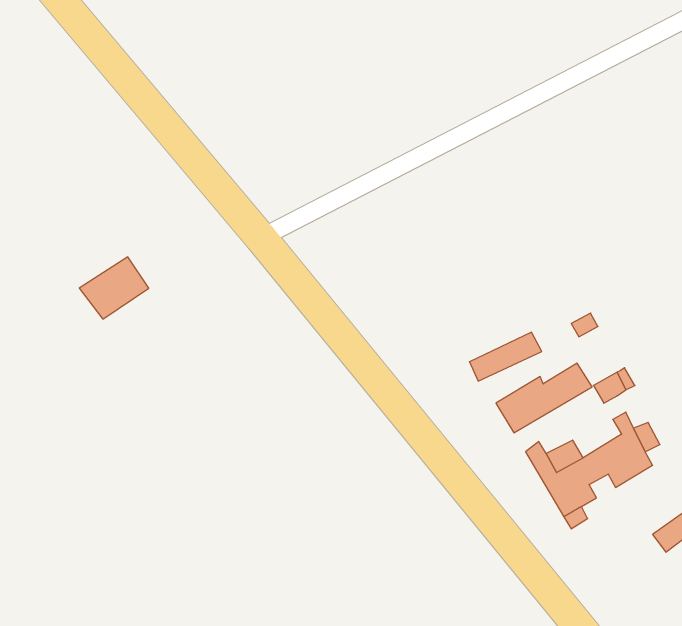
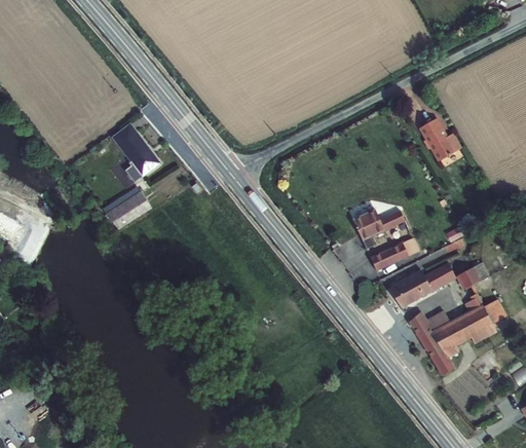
building: none -> [422,118,464,160]
building: none -> [110,122,157,181]
building: none -> [353,208,407,251]

